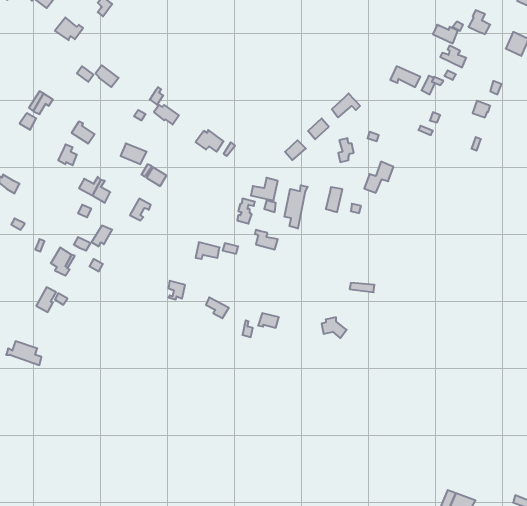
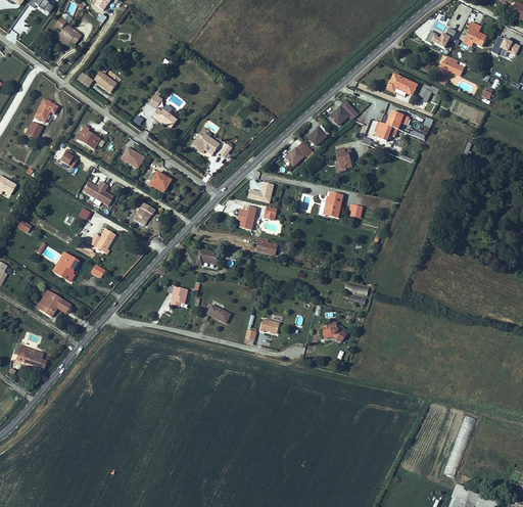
building: [364,162,393,193] -> [375,108,403,139]
building: [284,185,308,229] -> none

